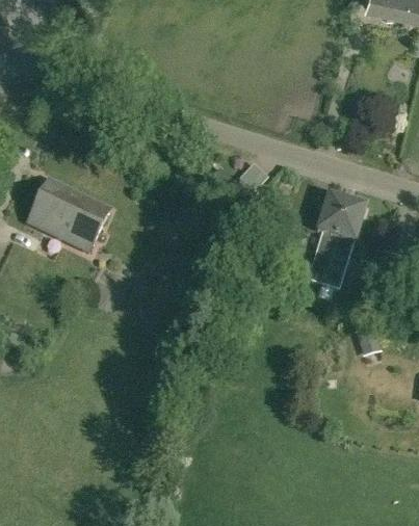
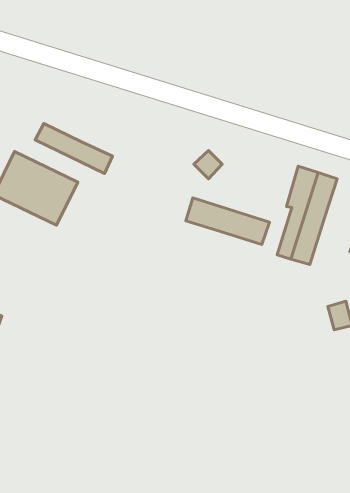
building: none -> [35,123,112,173]
building: none -> [186,198,270,245]

